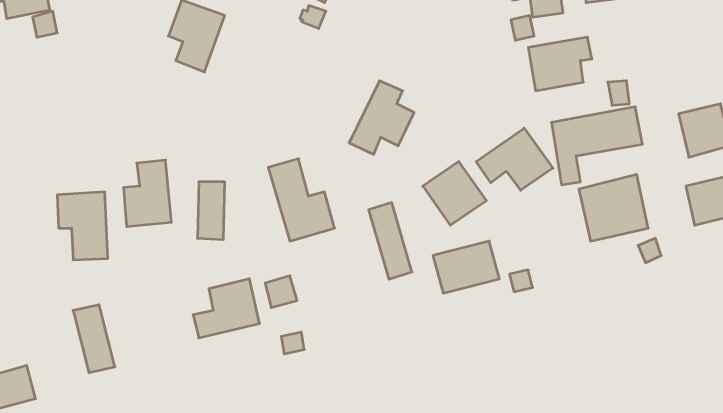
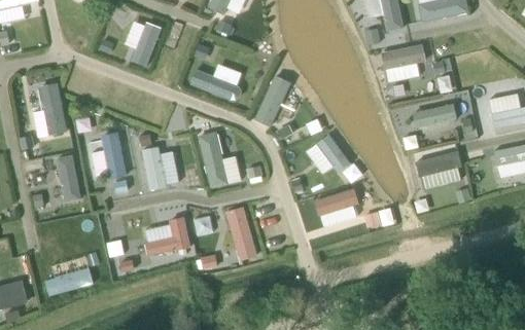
building: none -> [187,63,244,101]
building: none -> [32,82,67,137]
building: [476,128,553,190] -> none
building: [369,203,412,279] -> [230,207,260,261]

